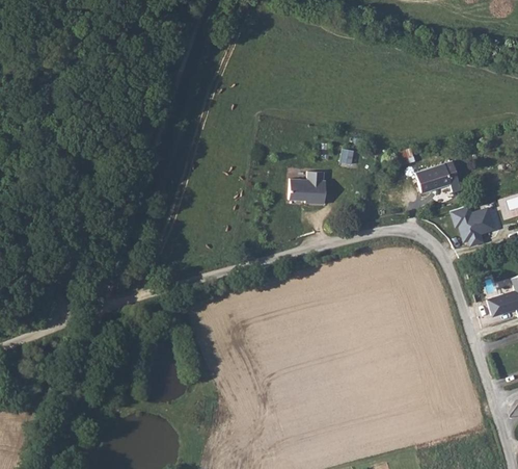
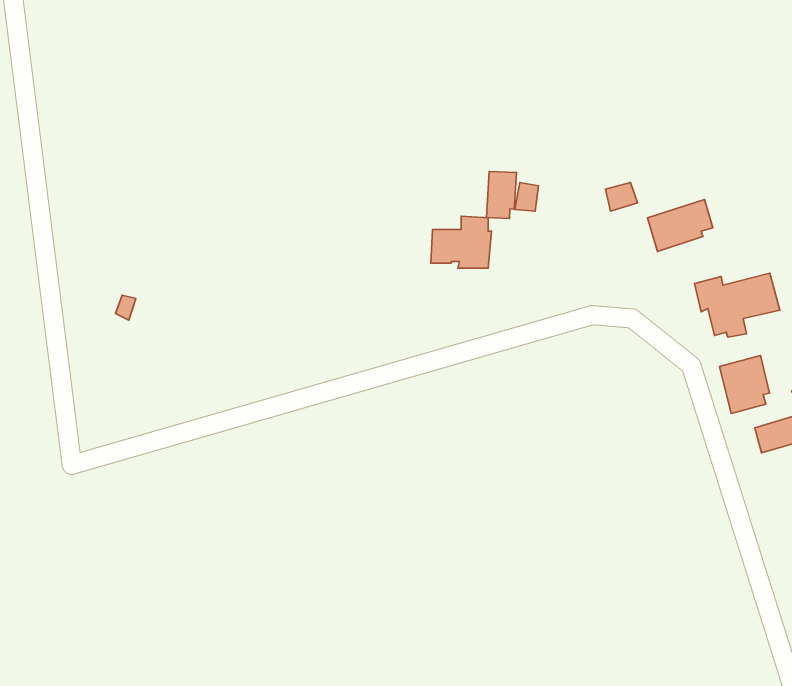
building: none -> [486,171,517,218]
building: none -> [719,356,769,413]

